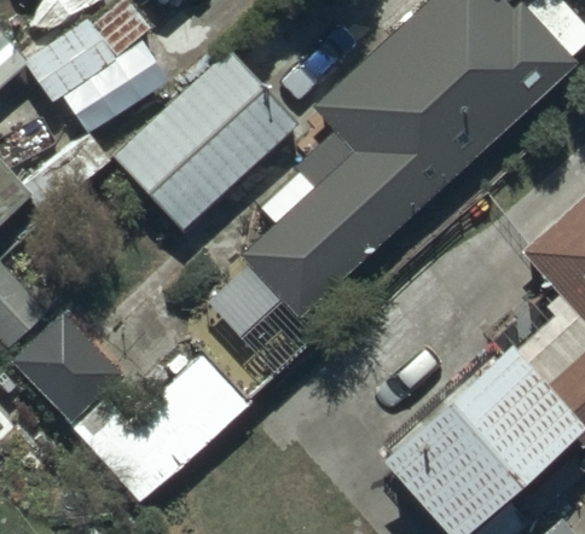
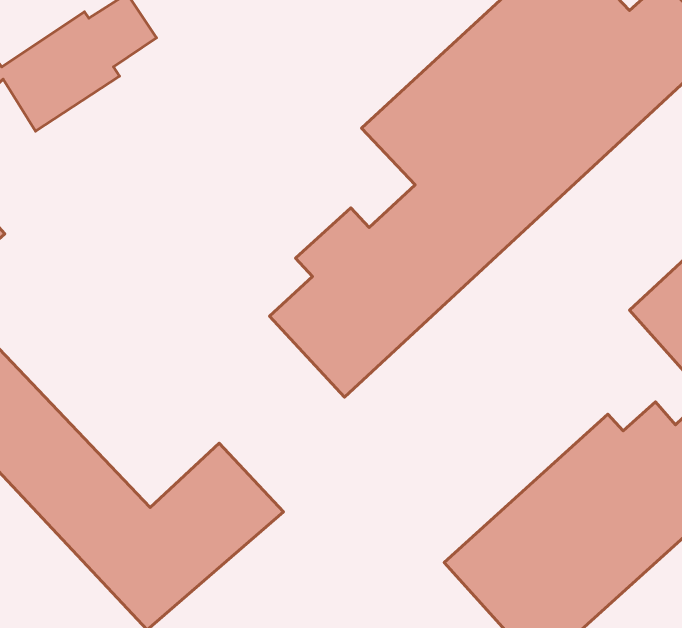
building: [116,57,296,232] -> none

